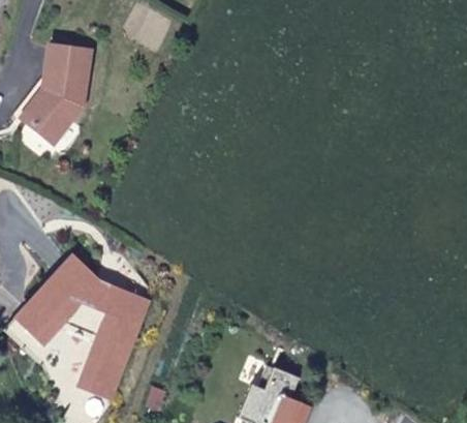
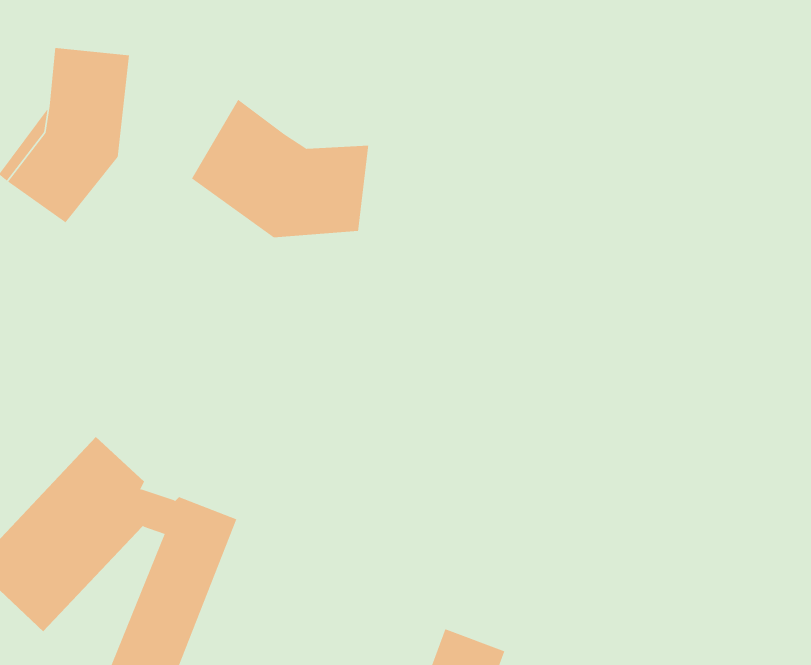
building: none -> [191,99,369,238]

